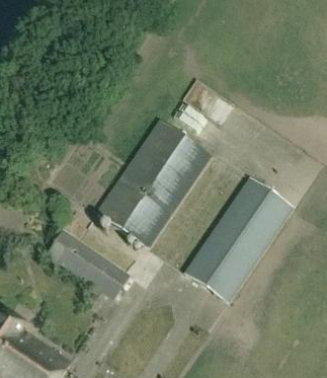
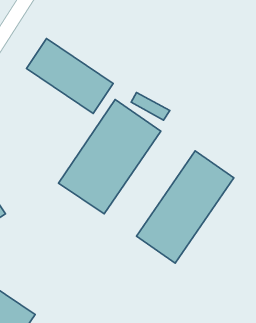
building: none -> [27,38,113,114]
building: [46,229,129,298] -> none

